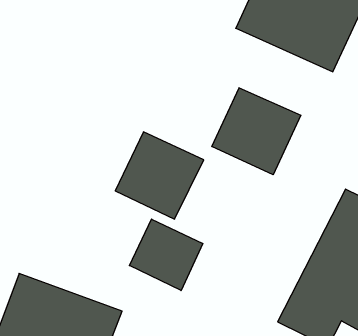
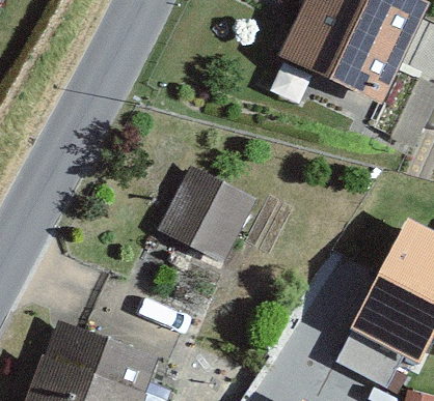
building: [212,88,301,175] -> none
building: [129,219,203,291] -> none

